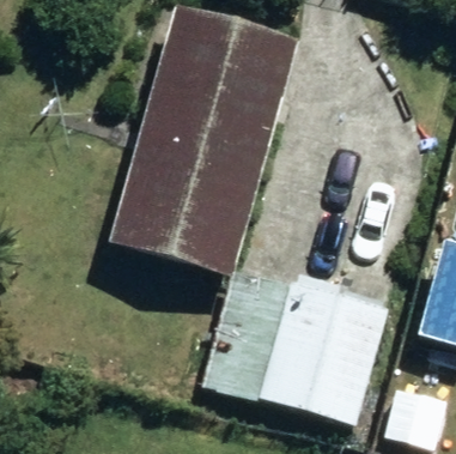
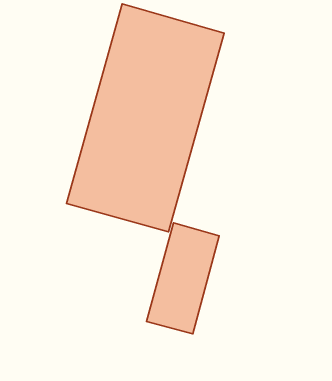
building: [260,280,385,423] -> none

